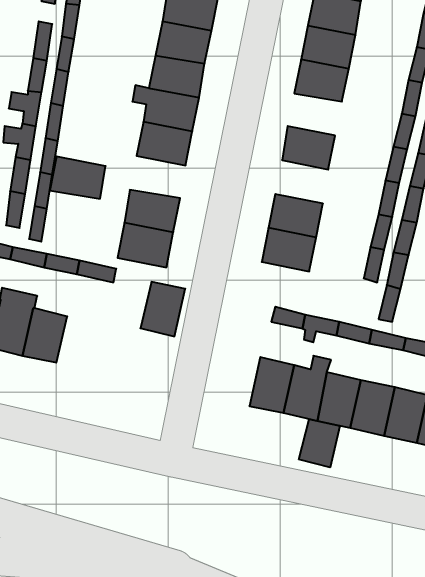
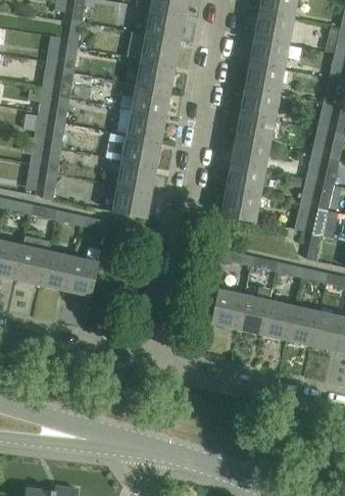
building: none -> [238,89,279,120]
building: [50,157,106,199] -> [119,136,161,167]
building: none -> [229,139,268,171]
building: [140,282,185,336] -> [64,256,98,297]
building: [299,419,340,467] -> none

